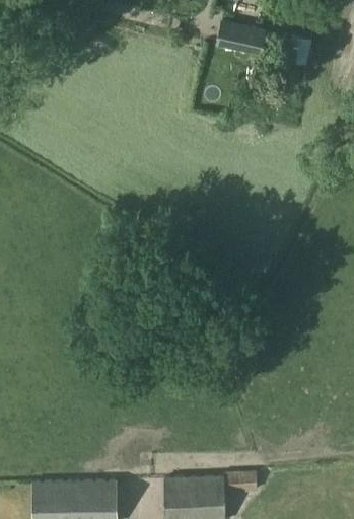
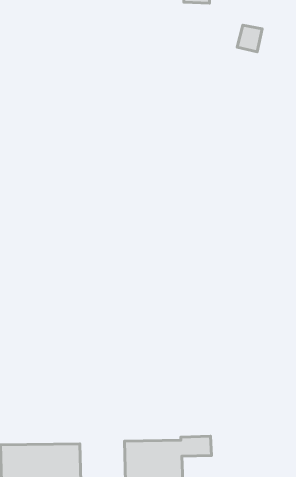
building: [216,20,264,55] -> none

